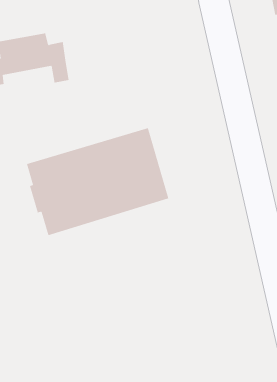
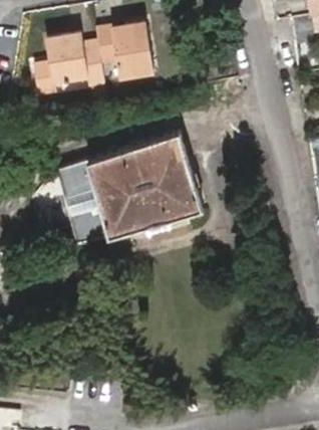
building: none -> [94,25,154,80]

